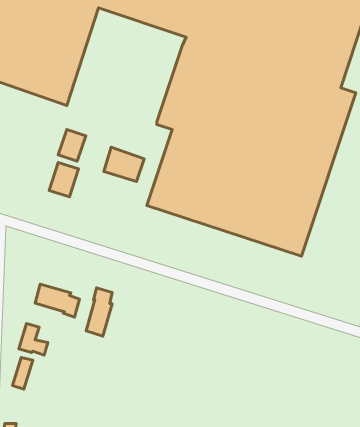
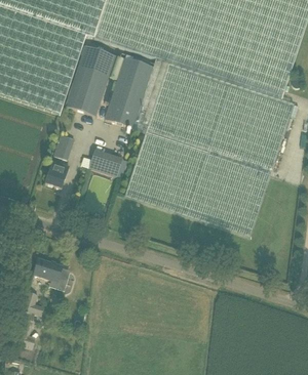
building: none -> [66,45,115,115]
building: none -> [105,56,153,127]
building: [86,288,112,336] -> none

